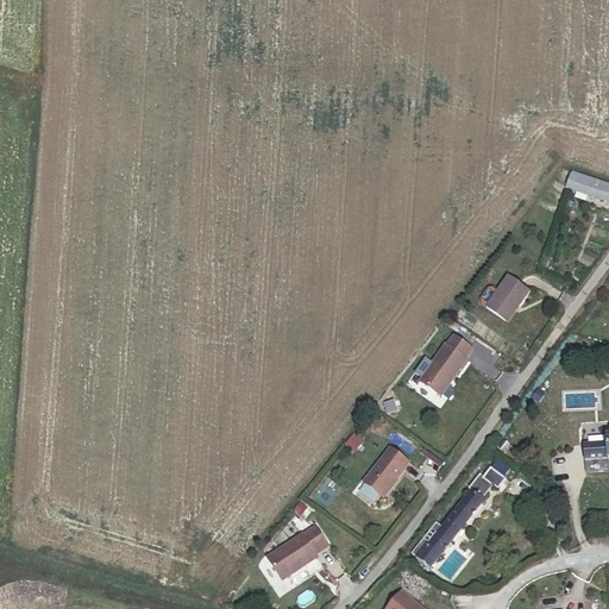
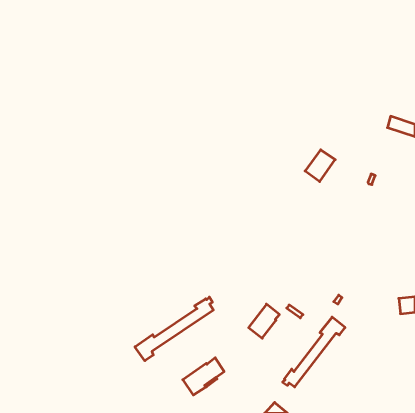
building: [486,275,530,321] -> [305,150,335,182]
building: [420,333,473,393] -> none
building: none -> [135,297,213,361]

